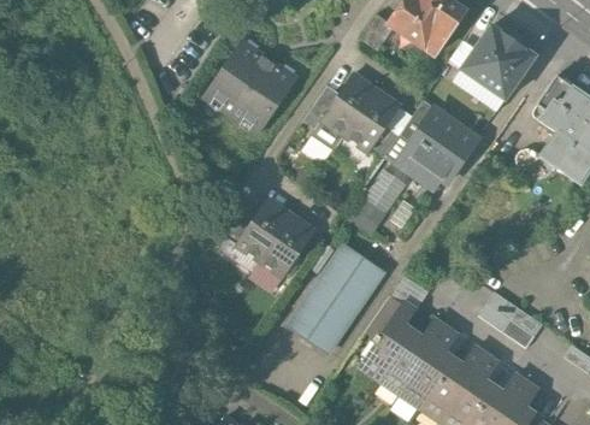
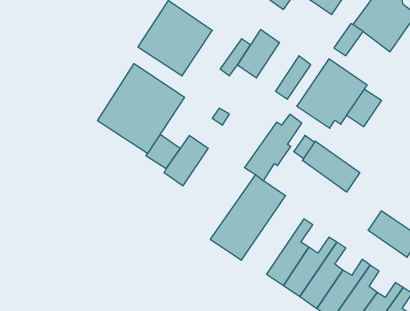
building: [347,88,397,146] -> none
building: none -> [98,64,184,153]
building: none -> [347,89,382,127]
building: none -> [302,141,360,192]
building: [259,214,312,275] -> none

